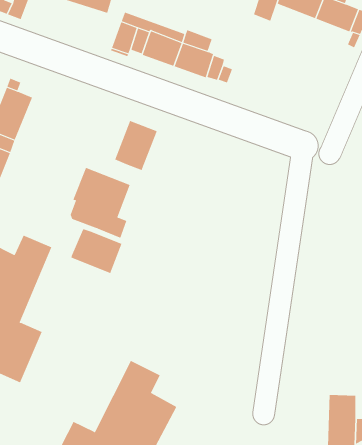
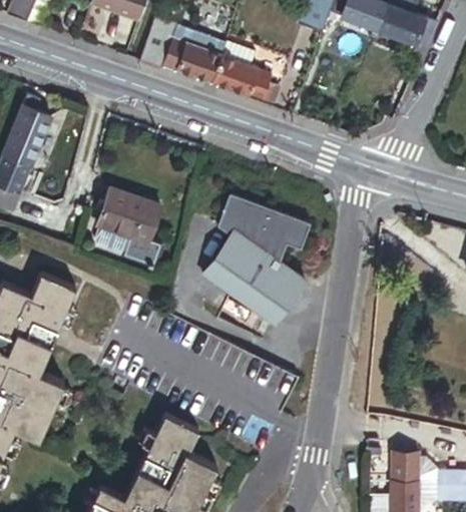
building: [114,120,157,171] -> none
building: none -> [201,191,309,325]
building: [71,228,122,274] -> none

